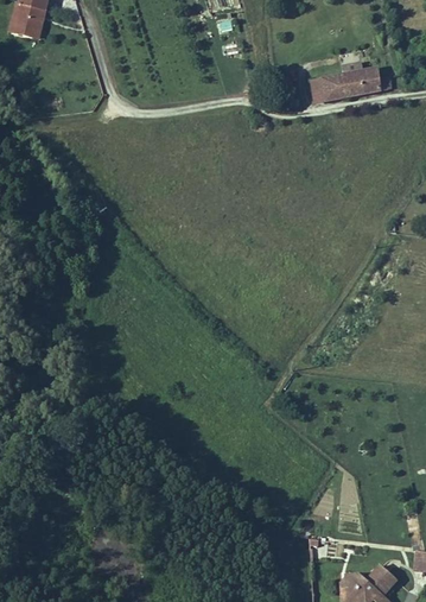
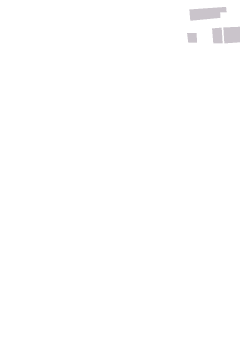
building: none -> [189,6,227,21]

